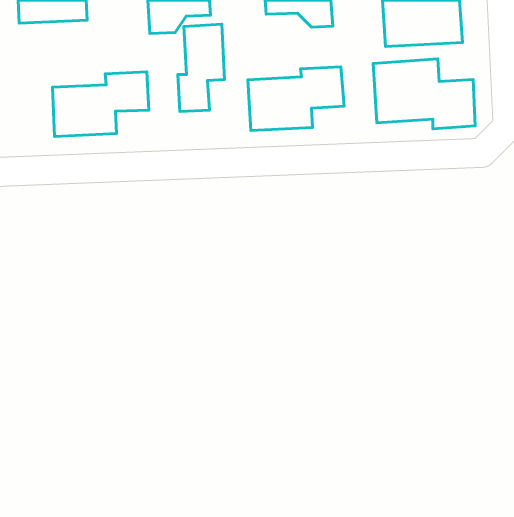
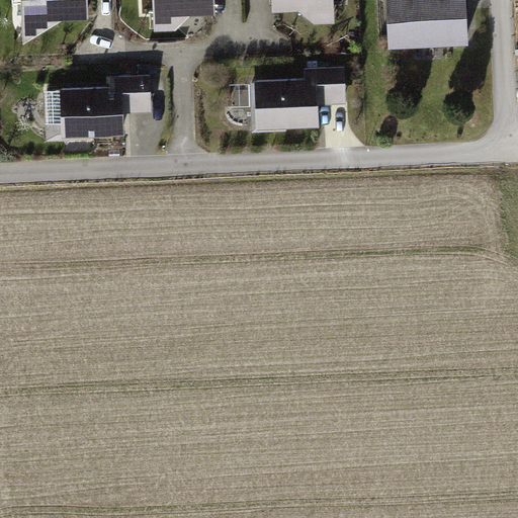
building: [178,24,225,112] -> none
building: [373,59,475,129] -> none

